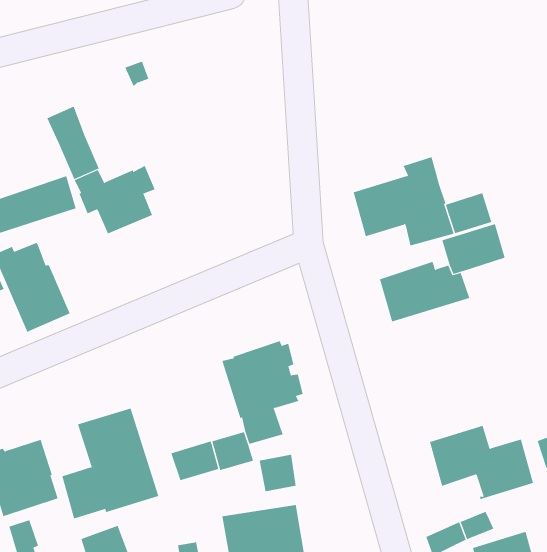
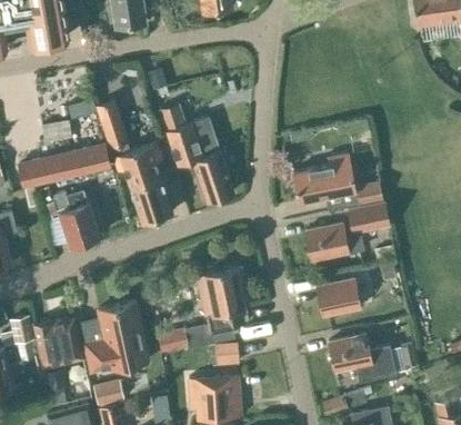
building: none -> [159,103,234,201]
building: none -> [129,176,172,223]
building: none -> [317,278,360,316]

